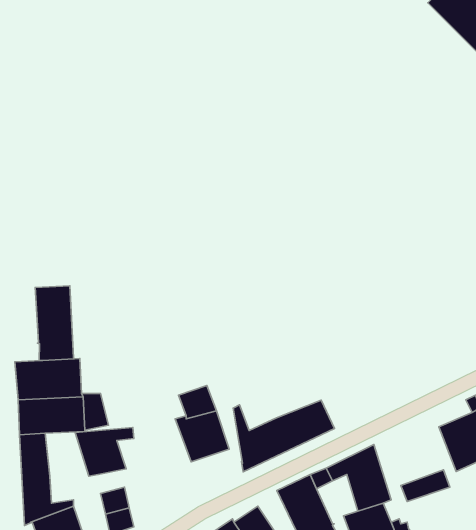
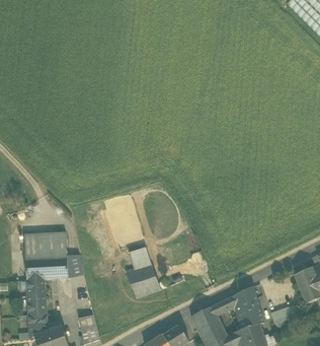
building: [35,286,74,360] -> none
building: [233,400,334,472] -> none
building: [75,427,134,476] -> none

